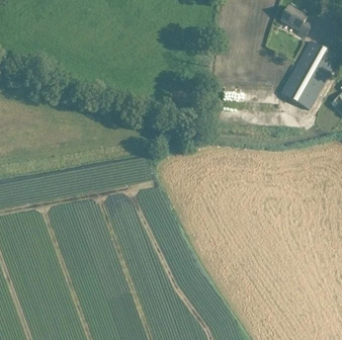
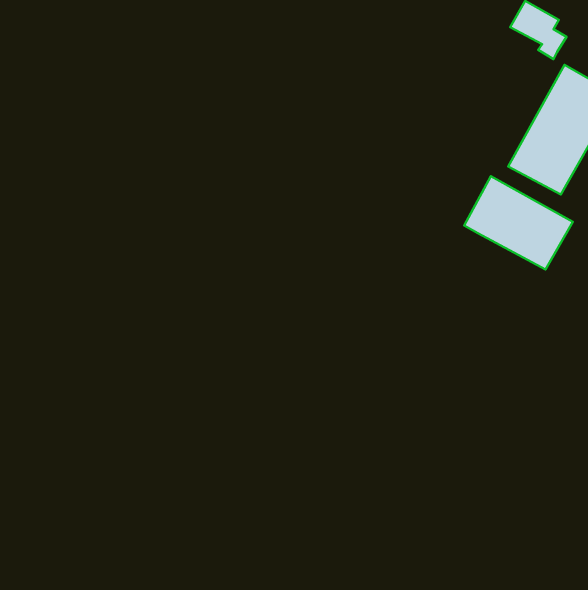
building: none -> [464,176,573,270]

